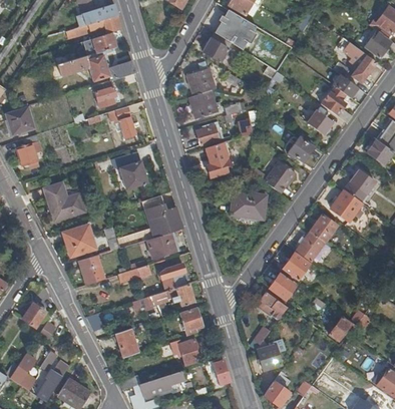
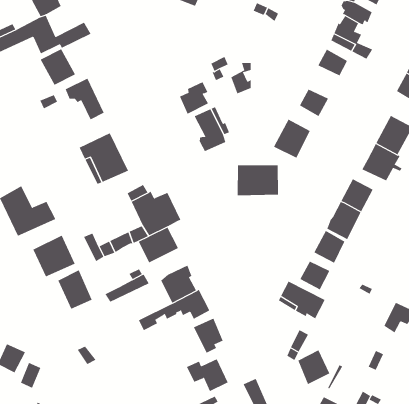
building: [186,68,218,117] -> none
building: [114,328,138,356] -> none

